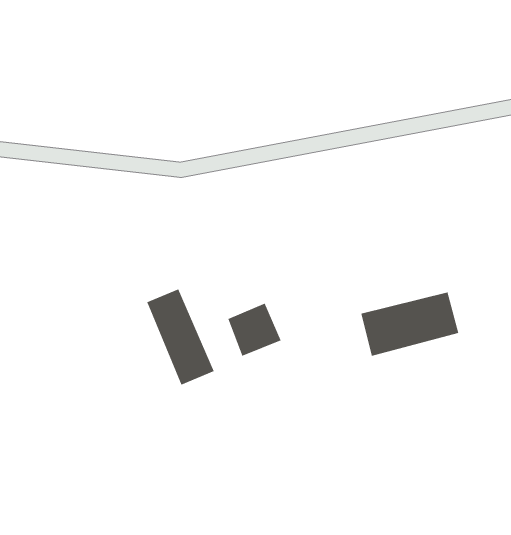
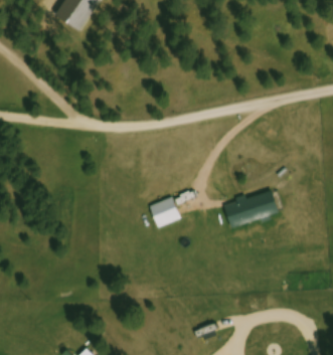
building: [147,289,214,386] -> none

